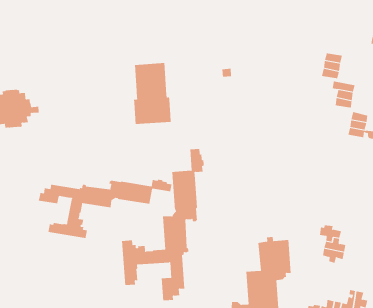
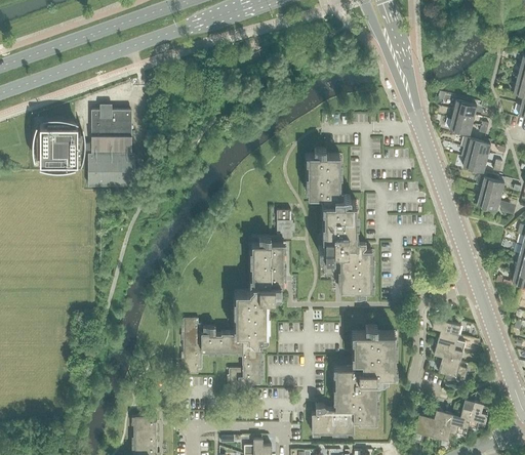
building: [133,63,172,125] -> [88,111,134,185]
building: none -> [309,150,371,299]
building: [38,179,172,239] -> none
building: none -> [438,359,467,382]

